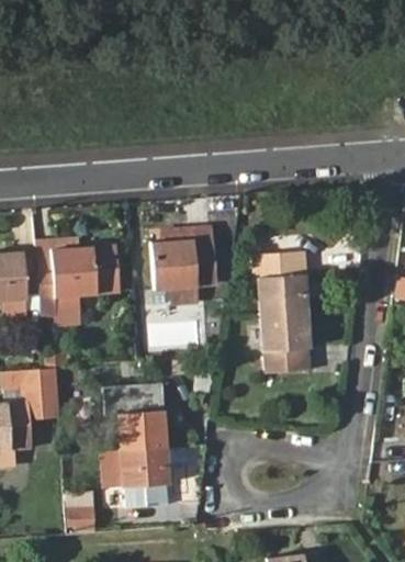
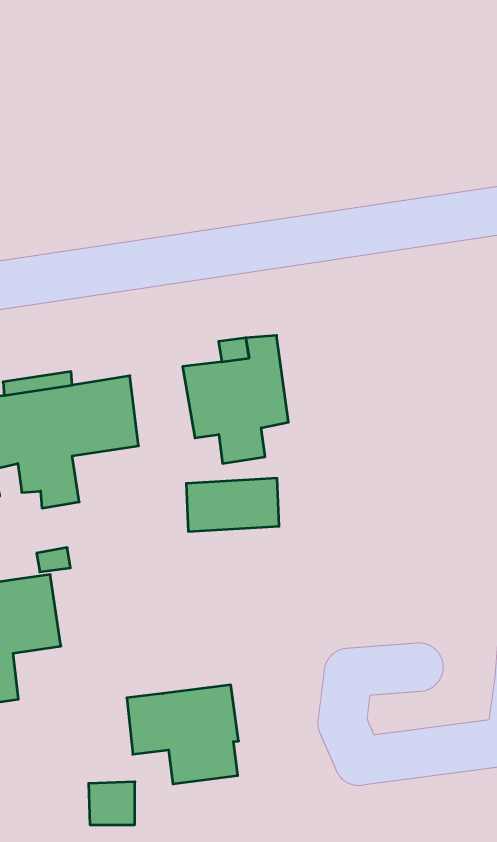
building: [257,252,311,373] -> none
building: [108,384,167,450] -> none

